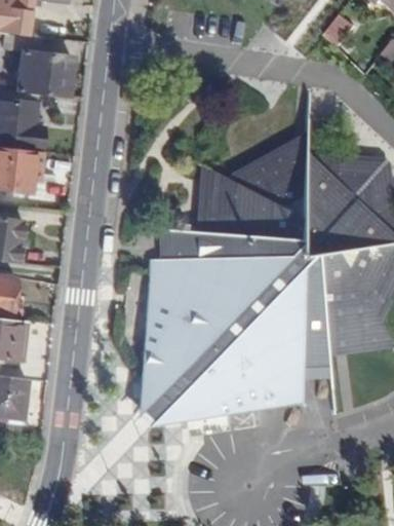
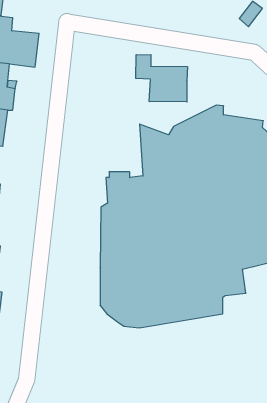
building: none -> [136,55,187,102]

